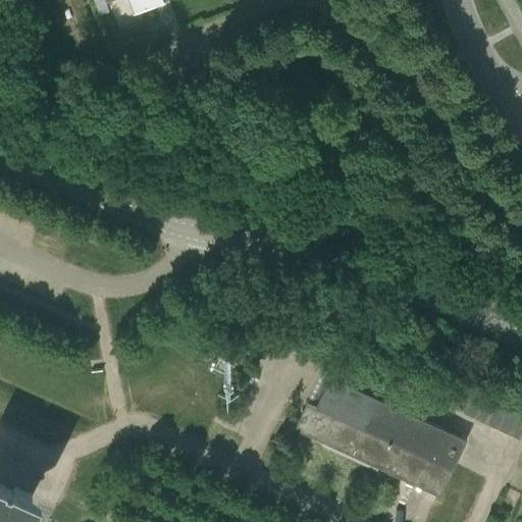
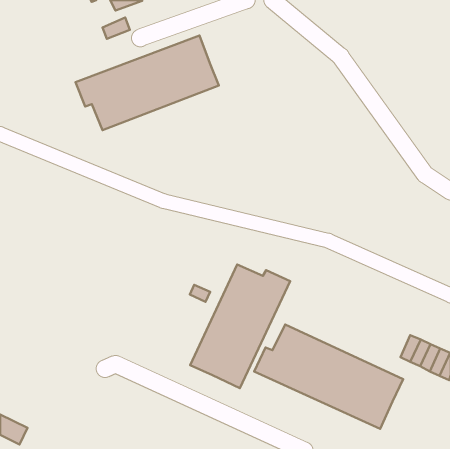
building: none -> [75,36,219,130]
building: none -> [190,264,290,388]

